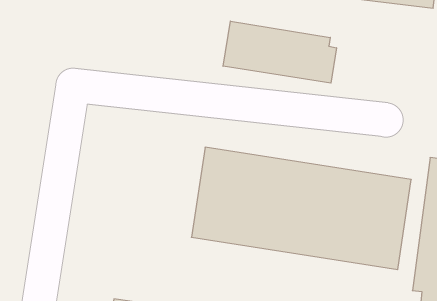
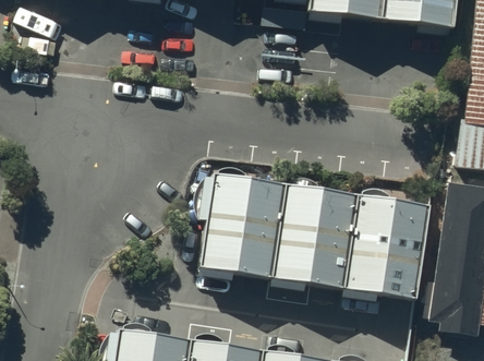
building: [223,21,336,83] -> none

